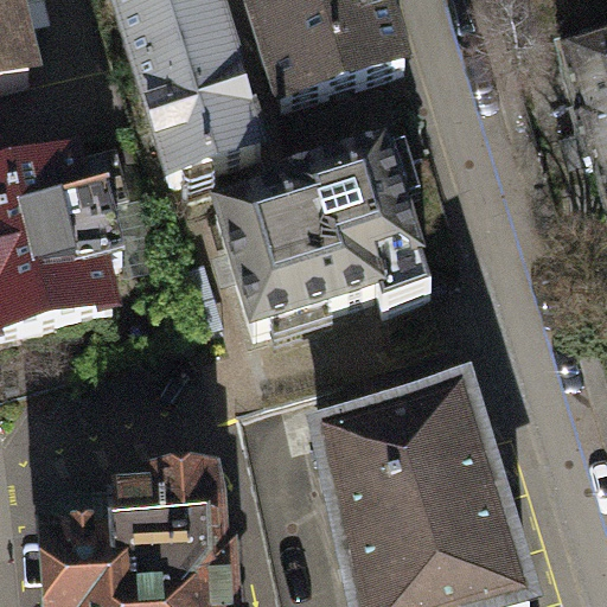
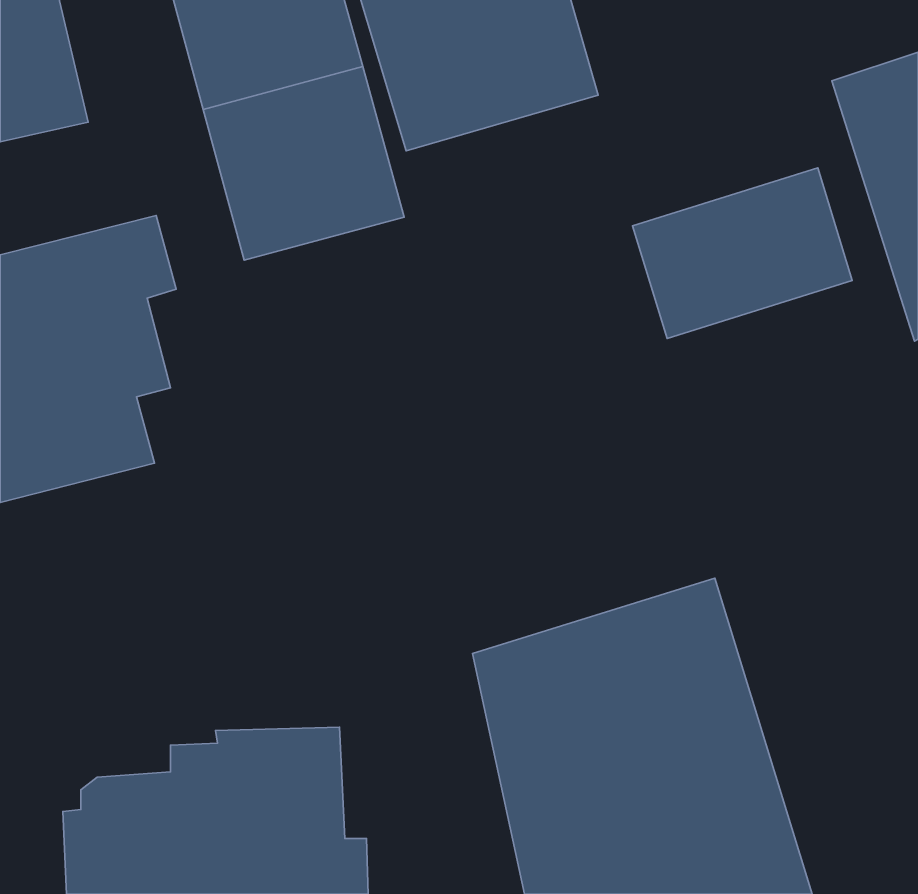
building: none -> [633,168,852,338]
building: [215,147,440,344] -> none

